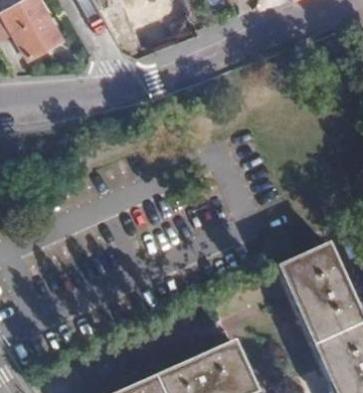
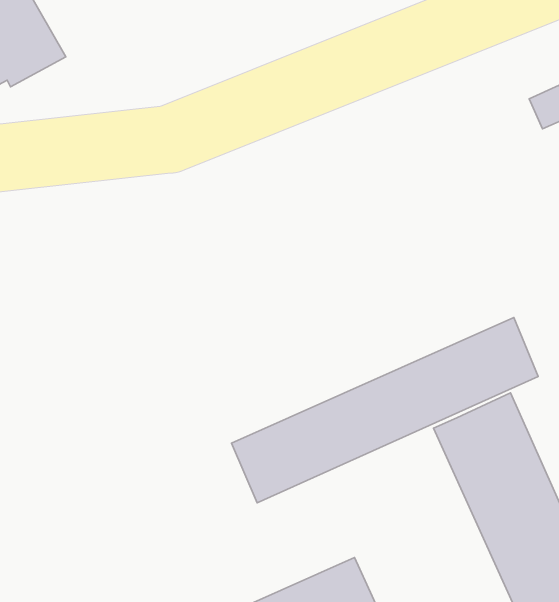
building: none -> [232,318,538,503]

